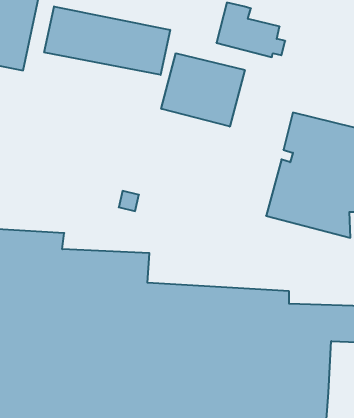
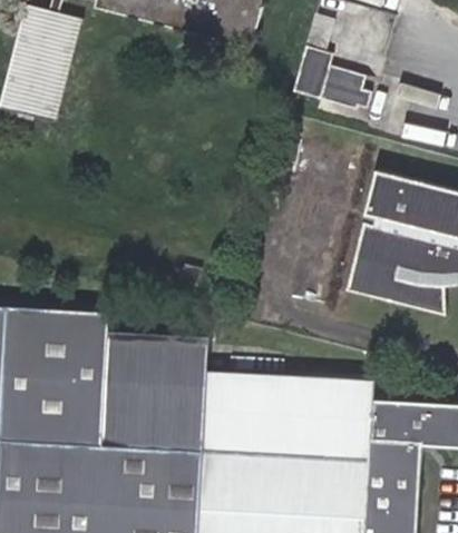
building: [44,6,170,75] -> none
building: [161,53,245,127] -> none

